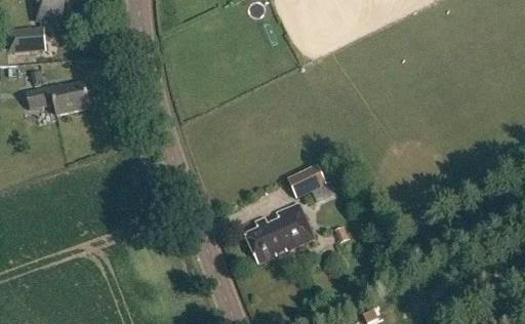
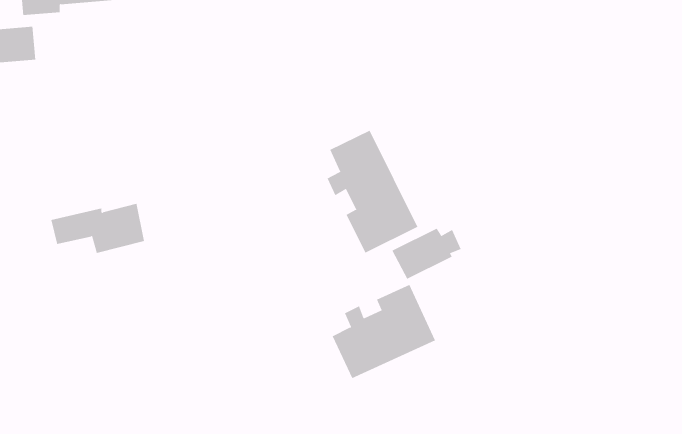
building: [27,81,90,115] -> [50,203,145,254]
building: none -> [327,130,418,253]

